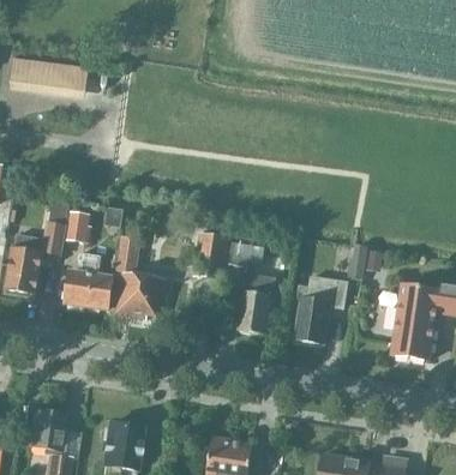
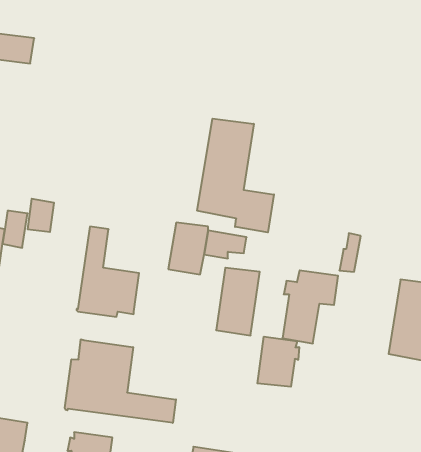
building: none -> [197,119,274,232]
building: [64,254,114,308] -> none
building: none -> [257,337,299,387]
building: none -> [65,339,176,423]

